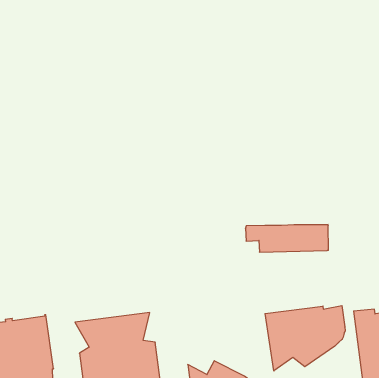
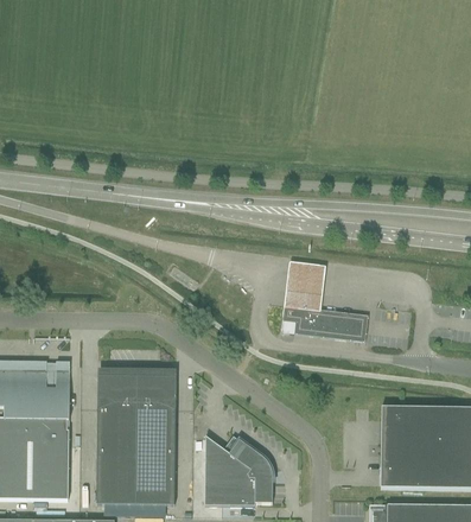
building: none -> [285,259,325,308]
building: [265,306,345,371] -> none

